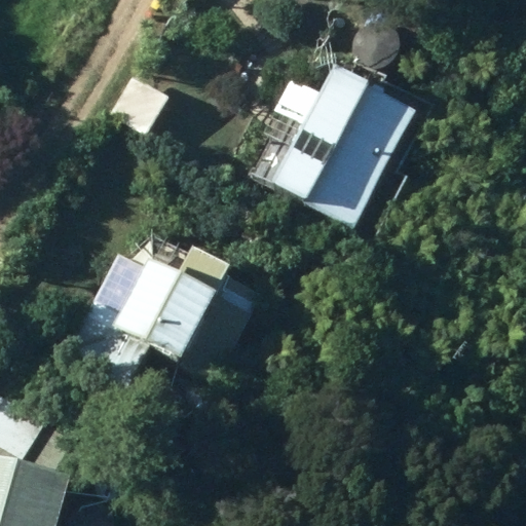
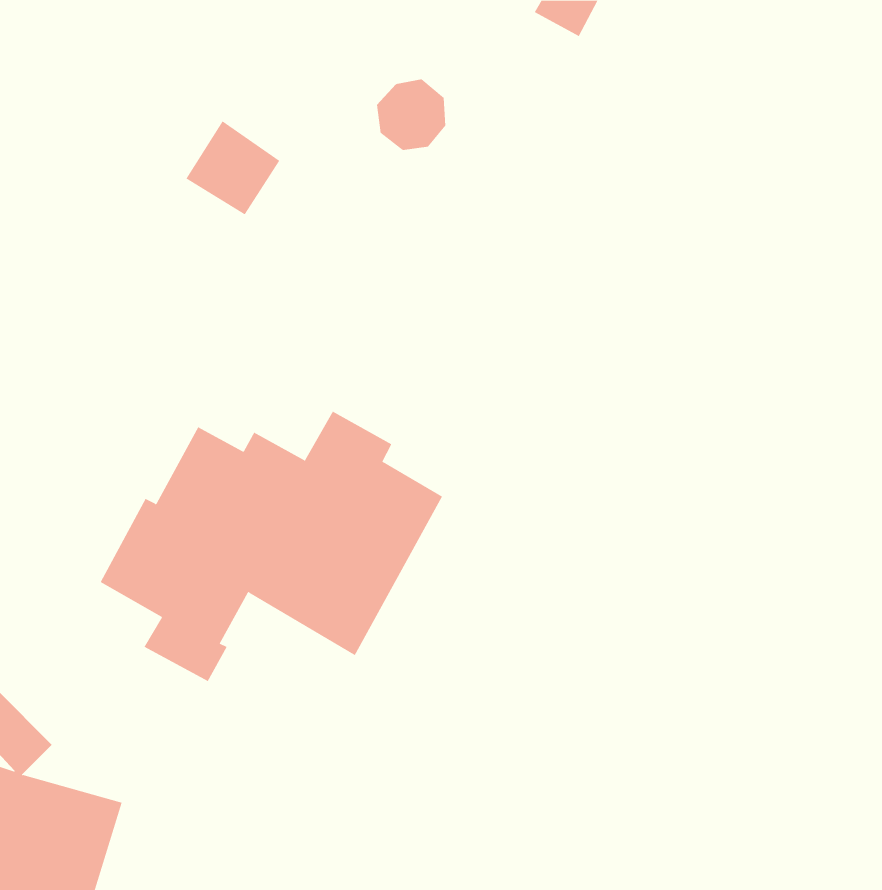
building: [272,61,416,229] -> none

